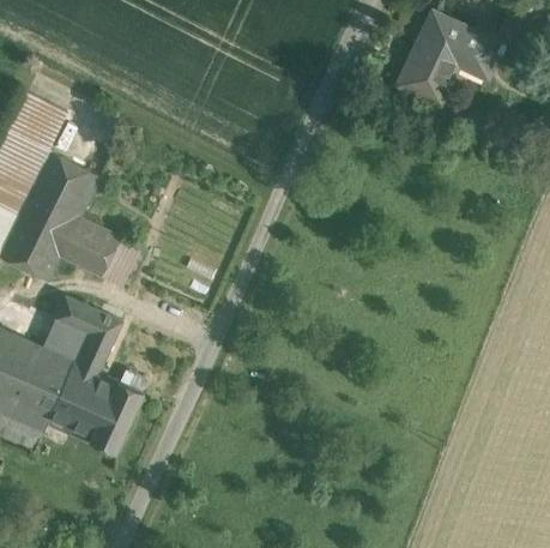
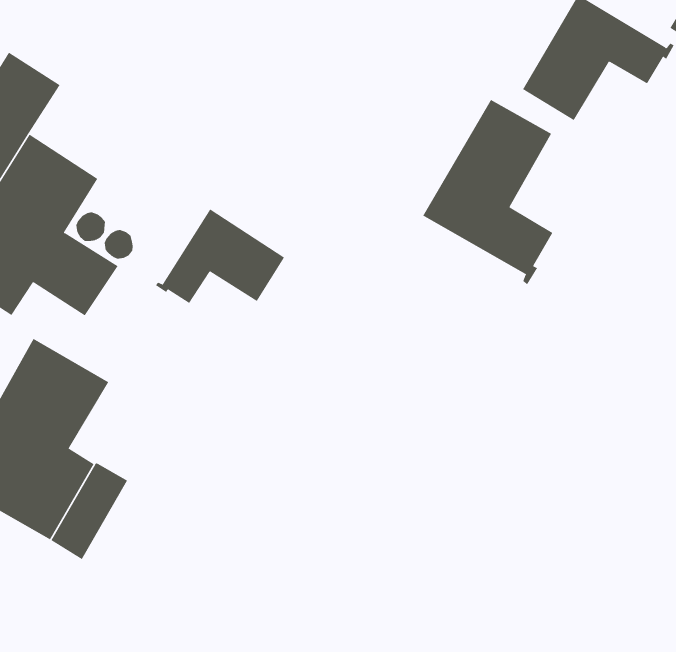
building: none -> [422,99,553,285]
building: none -> [155,209,285,304]

